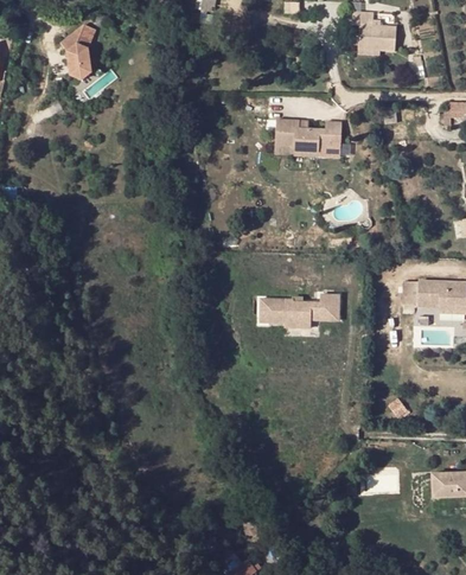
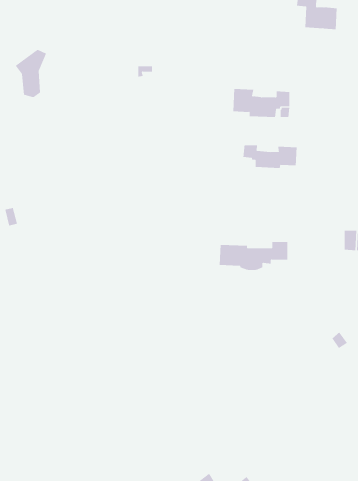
building: [60,27,97,83] -> [15,49,47,98]
building: none -> [243,144,297,169]

